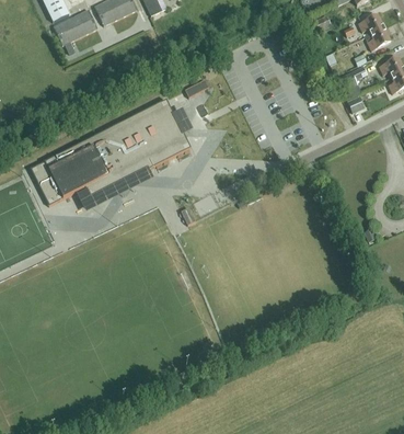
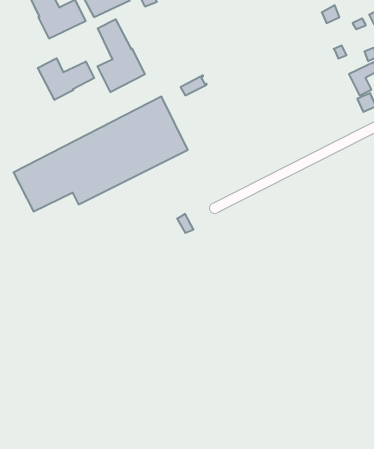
building: none -> [98,19,145,92]
building: none -> [38,58,94,100]

